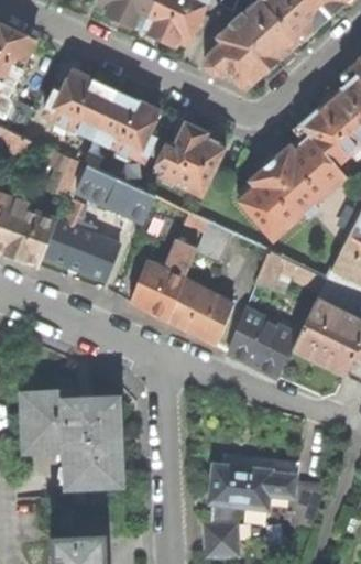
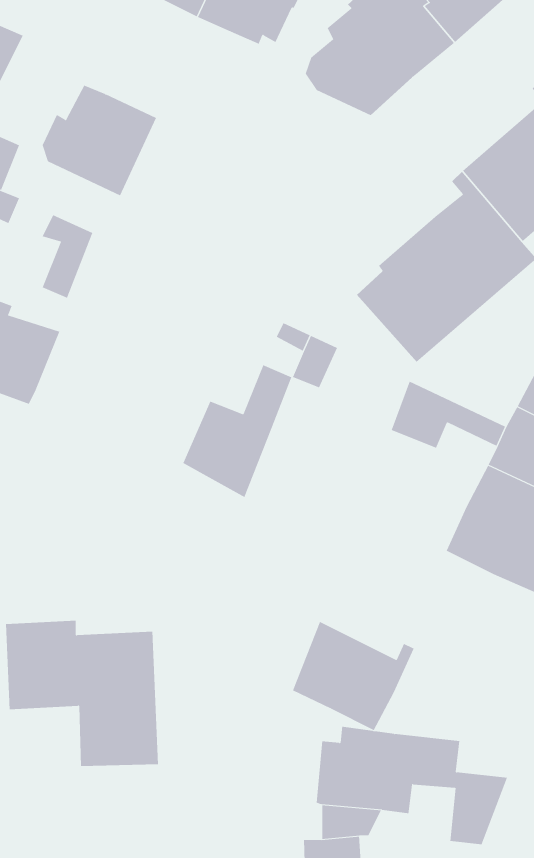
building: [94,90,160,160] -> none
building: [154,123,225,194] -> none
building: [76,165,155,243] -> none
building: [43,195,119,279] -> none
building: [168,278,234,345] -> none
building: [228,308,302,375] -> [292,621,414,731]

